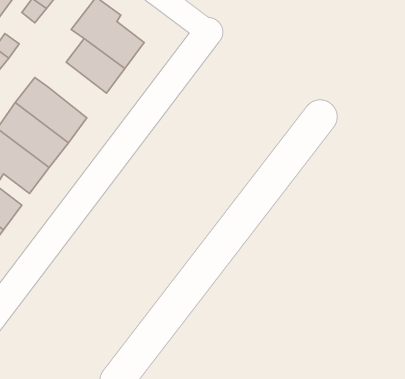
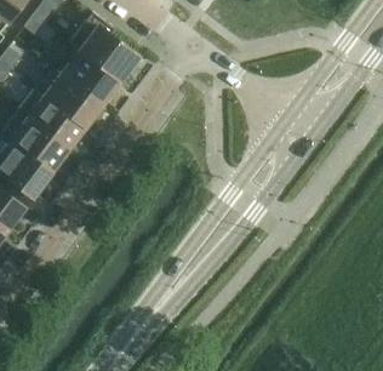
building: none -> [48,72,103,124]

